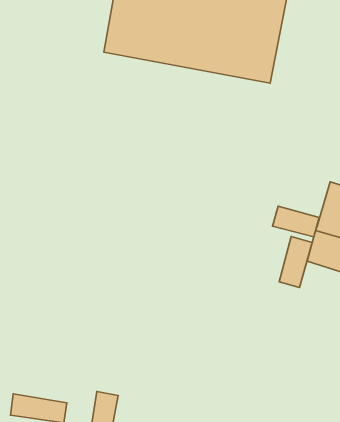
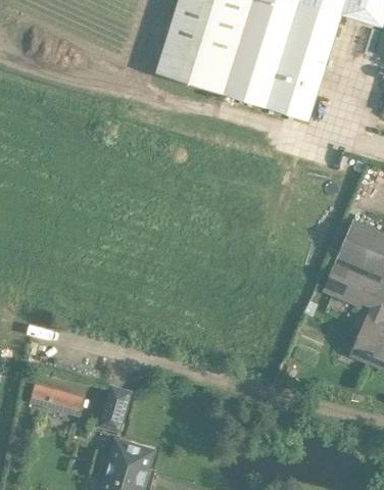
building: [272,206,319,237] -> none
building: [279,236,312,288] -> none

